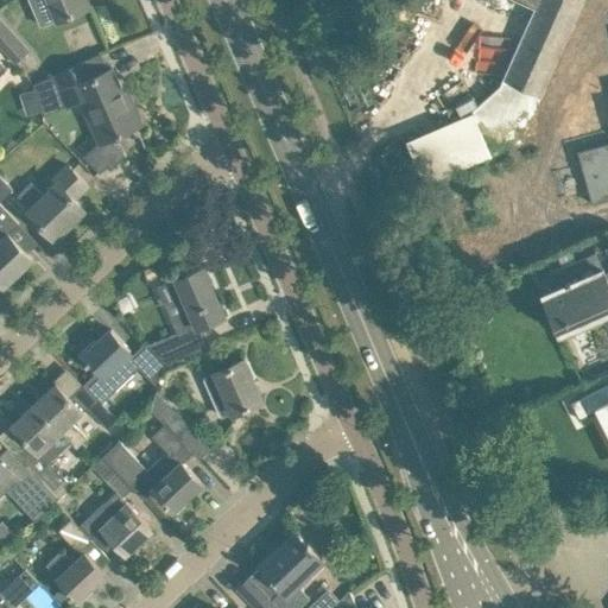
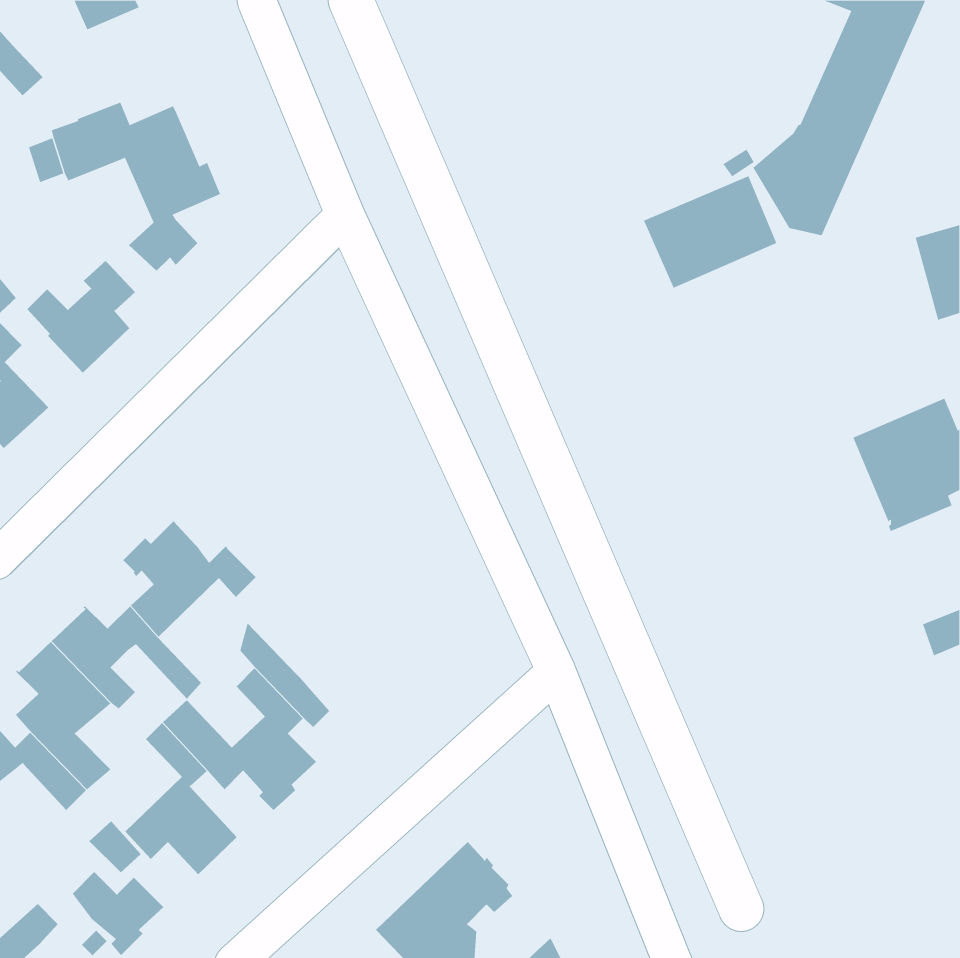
building: [156,268,222,329] -> none
building: [144,334,188,367] -> none
building: [203,361,259,418] -> none

